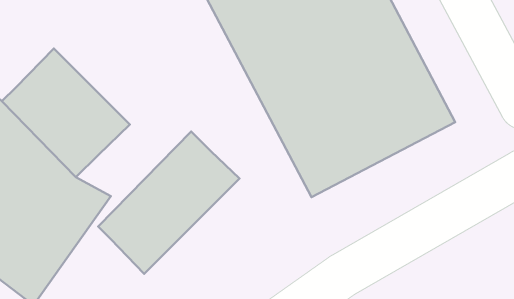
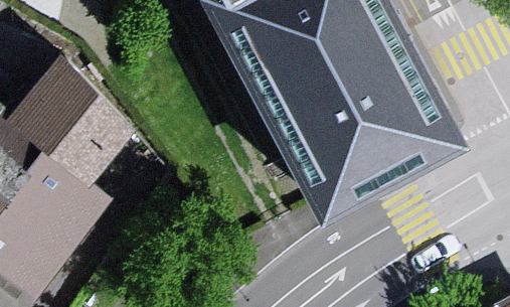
building: [98,132,239,274] -> none

